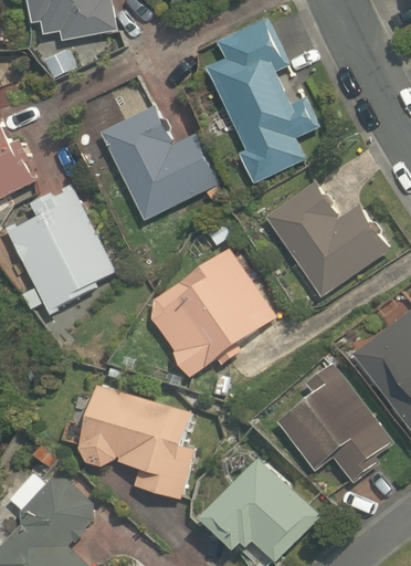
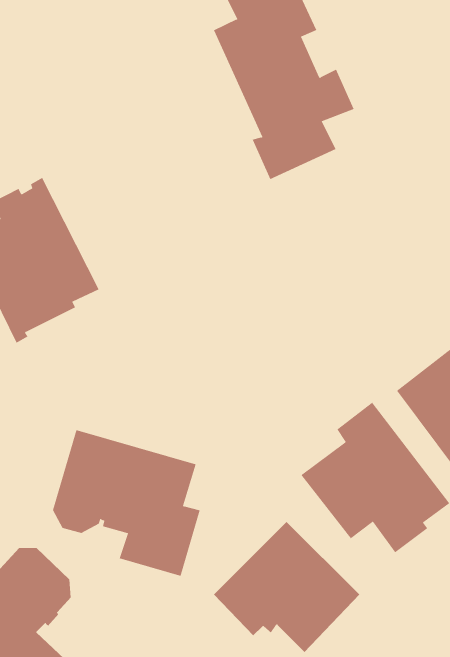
building: [99,105,219,221] -> none
building: [265,182,389,295] -> none
building: [152,248,276,377] -> none

